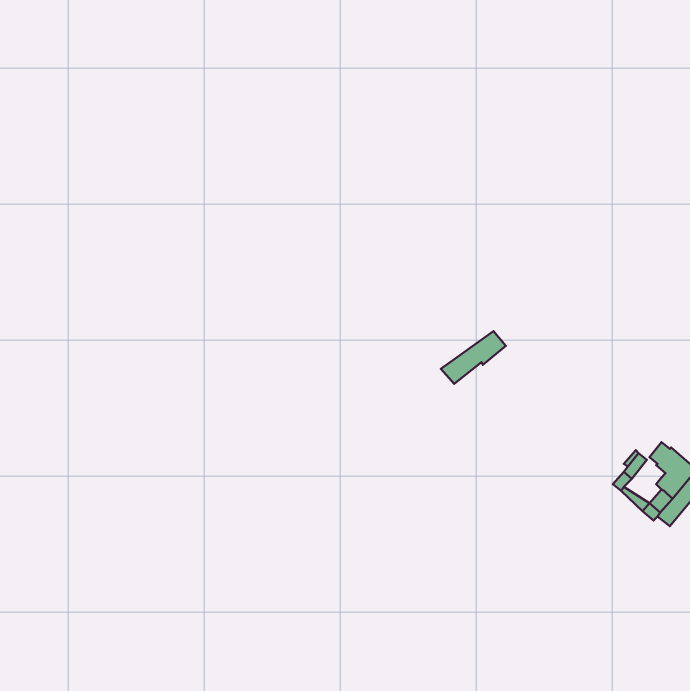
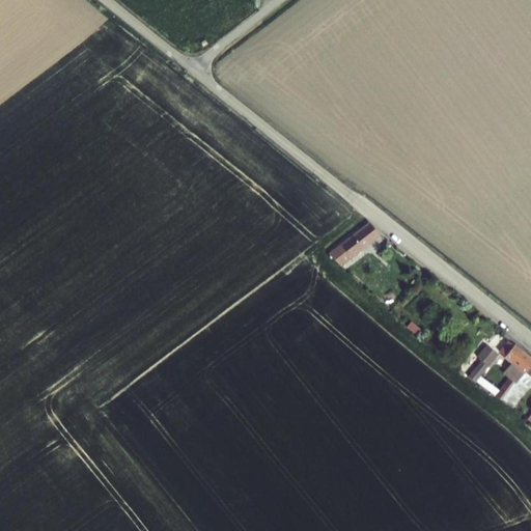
building: [441,331,506,384] -> [330,224,380,264]

